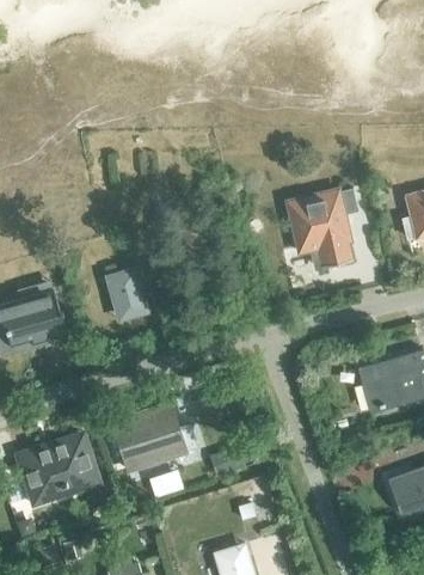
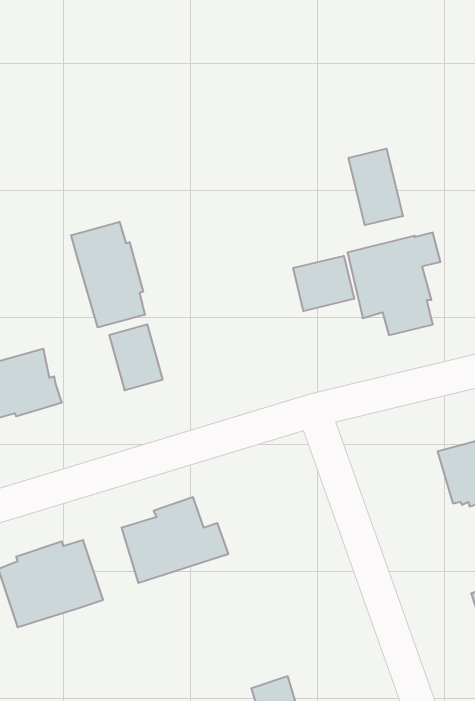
building: none -> [349,149,403,225]
building: none -> [71,222,145,327]
building: none -> [293,256,354,311]

